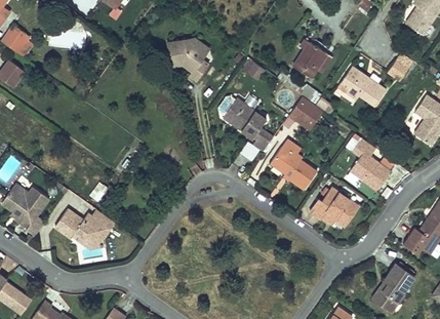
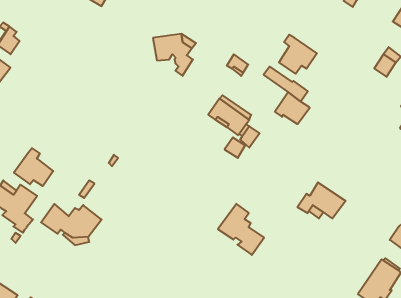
building: [333,66,386,106] -> none
building: [344,133,394,191] -> none
building: [269,138,315,190] -> [218,204,264,255]
building: none -> [14,148,53,186]

